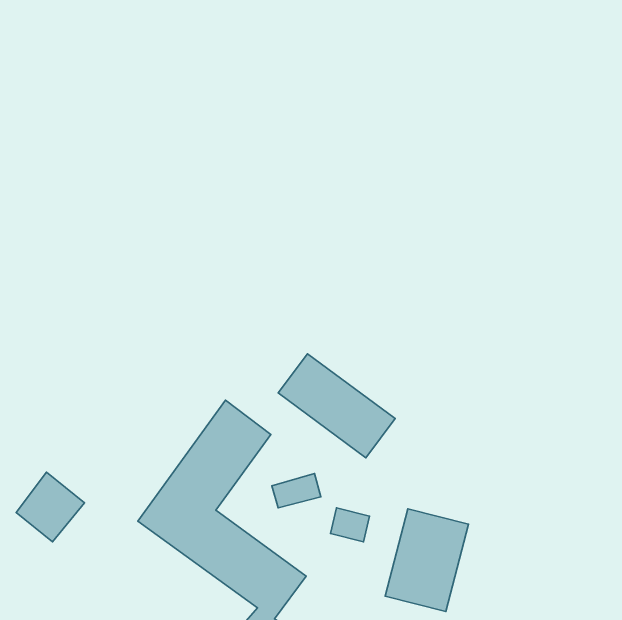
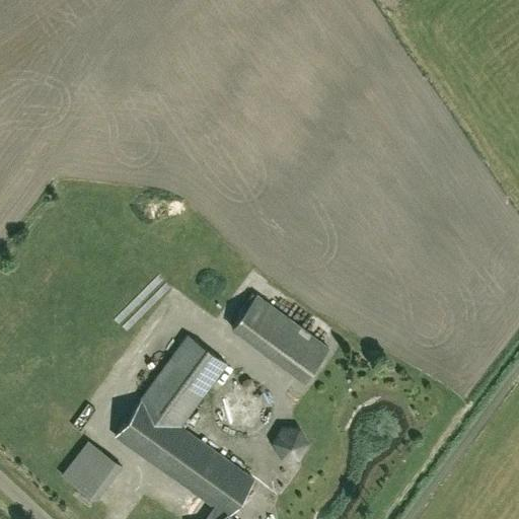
building: [16,472,84,542] -> [65,444,122,502]
building: [385,509,468,611] -> none

